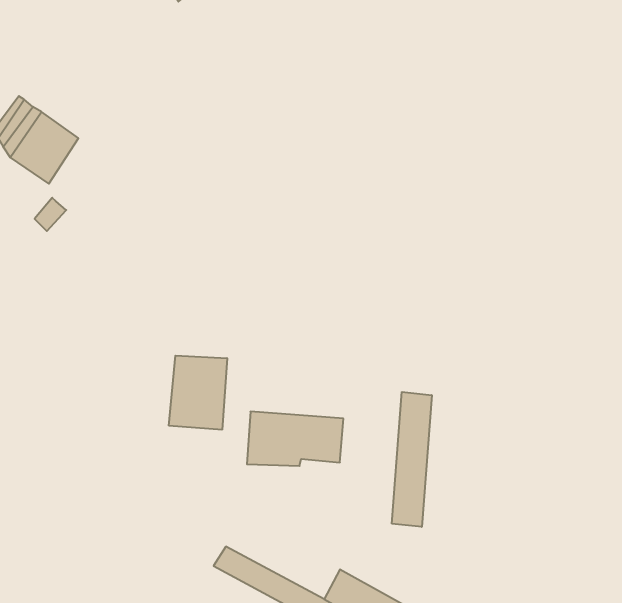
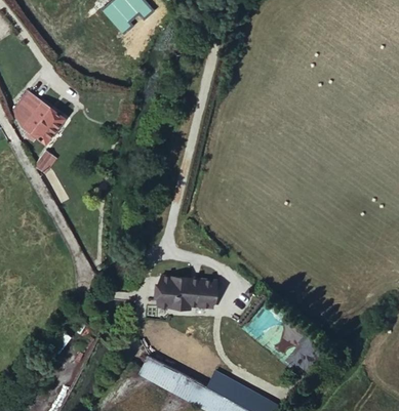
building: [169,356,227,430] -> none
building: [392,392,432,527] -> none

